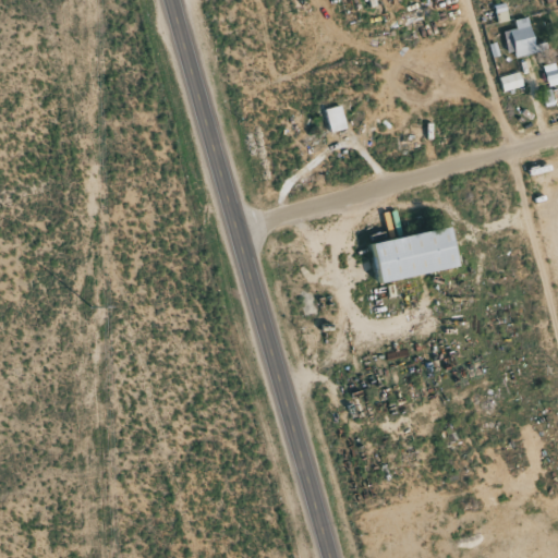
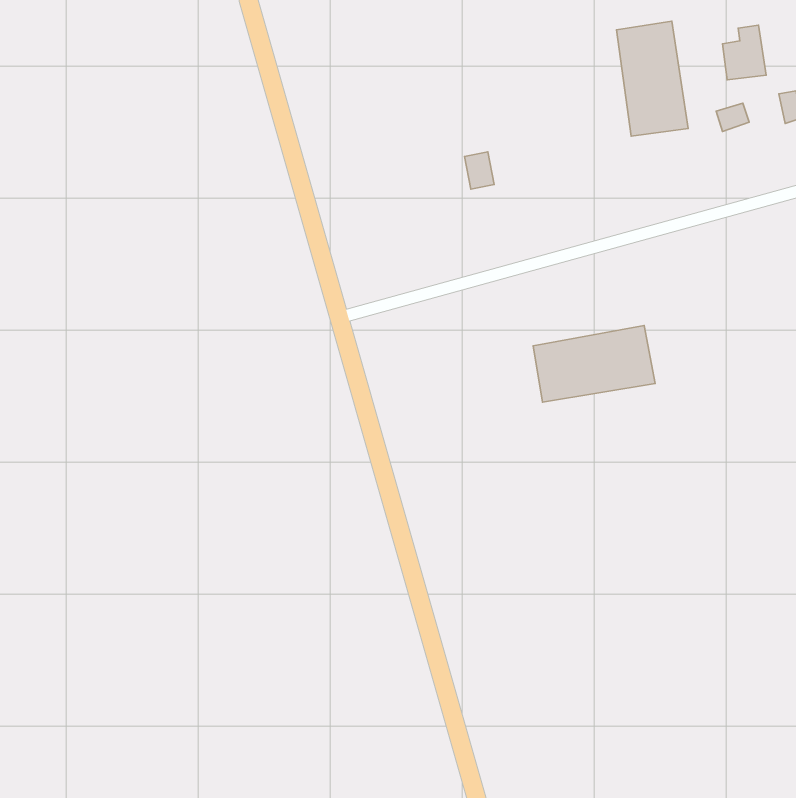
building: none -> [616,21,688,136]

